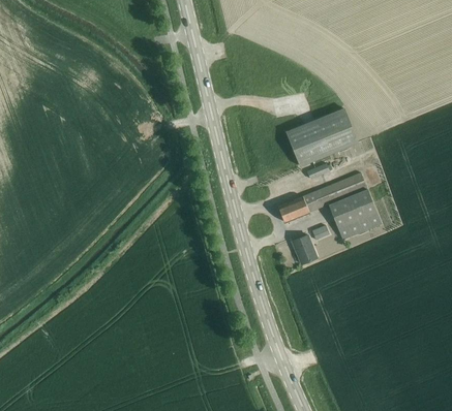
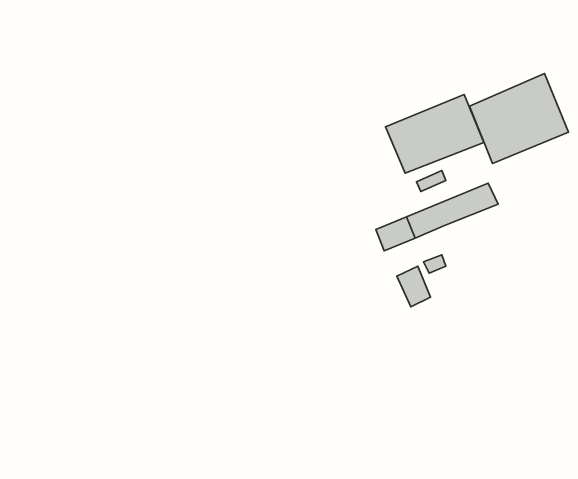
building: none -> [469,73,569,163]
building: [328,189,383,240] -> none

